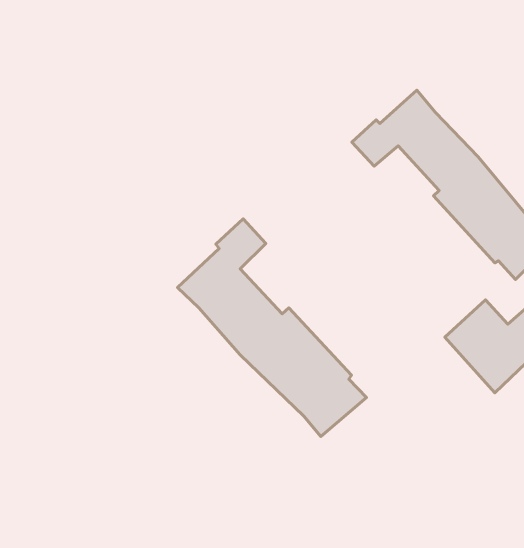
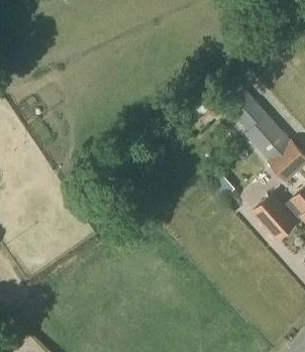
building: [178,219,366,436] -> none

